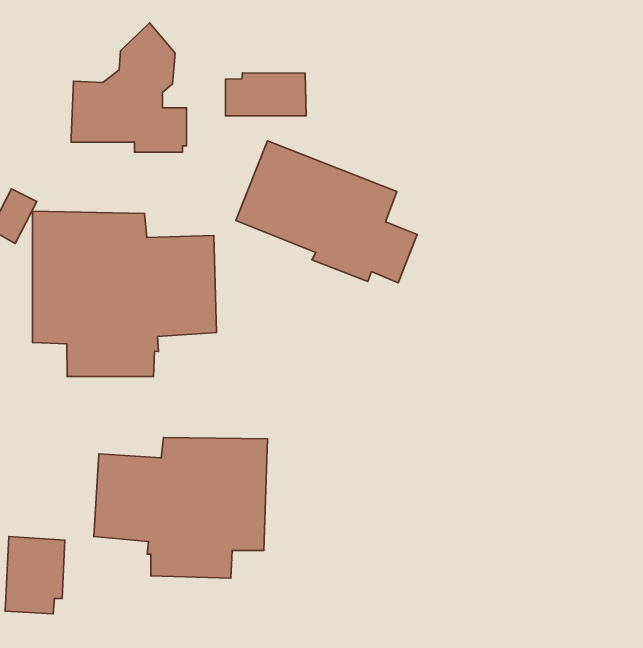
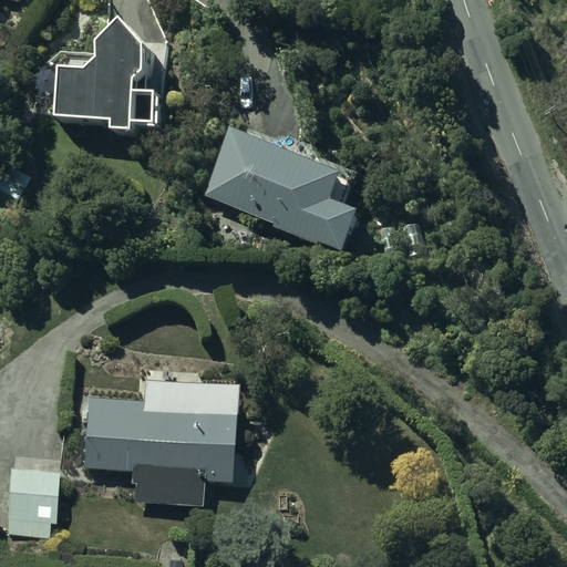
building: [226,73,306,116] -> none
building: [32,211,217,377] -> none

